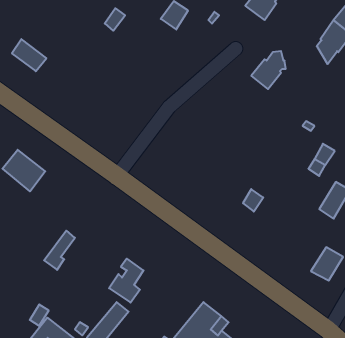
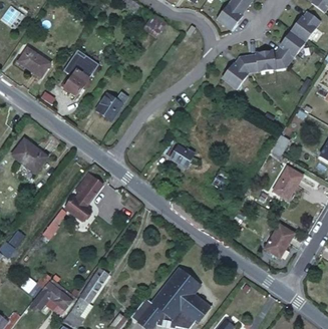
building: none -> [62,49,98,94]
building: none -> [246,51,285,72]
building: none -> [93,89,126,119]
building: none -> [163,139,196,169]
building: [109,259,144,303] -> [70,184,99,221]

